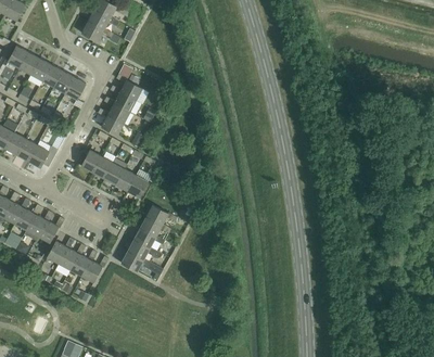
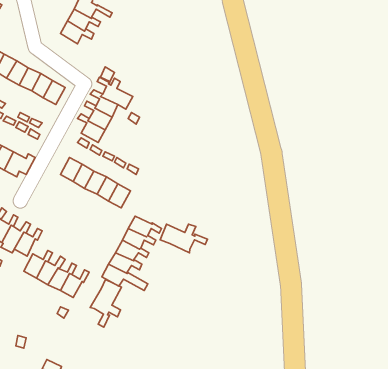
building: none -> [160,224,207,253]
building: none -> [90,279,122,327]

